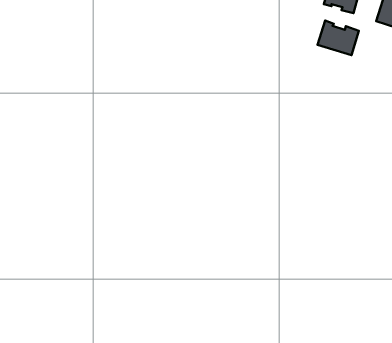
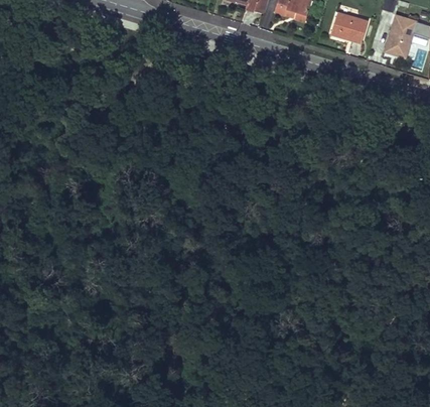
building: [317,21,359,55] -> none

